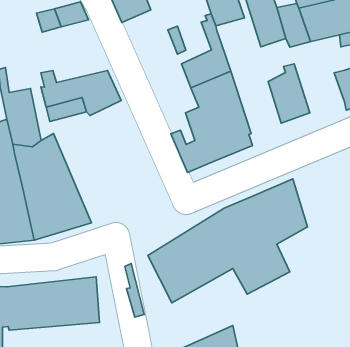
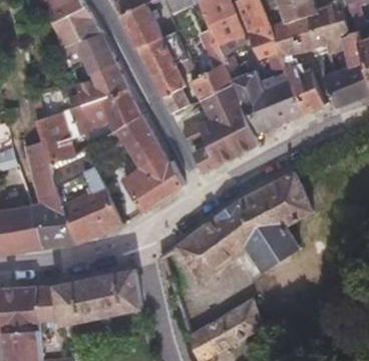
building: none -> [135,35,188,111]
building: none -> [223,56,280,134]
building: none -> [76,66,126,104]
building: none -> [286,64,323,112]
building: none -> [116,115,185,211]

